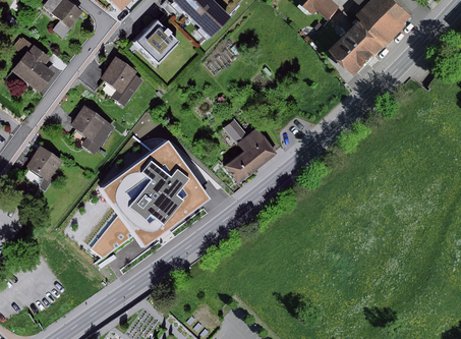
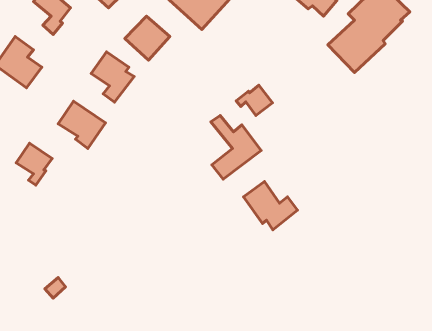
building: none -> [236,85,272,116]
building: [89,139,208,259] -> none
building: none -> [243,181,298,230]

